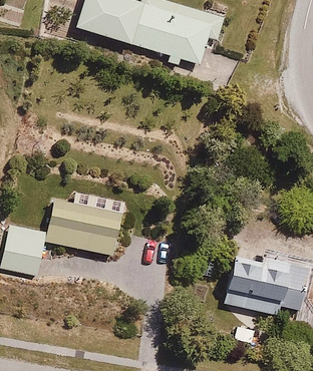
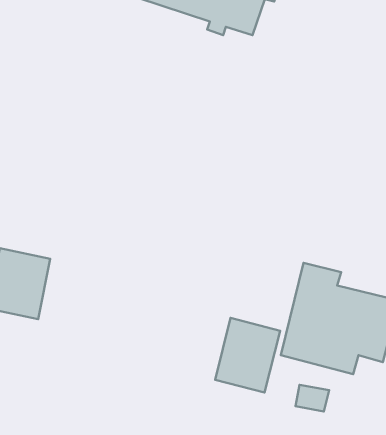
building: [48,196,121,254] -> none
building: none -> [215,318,280,392]

